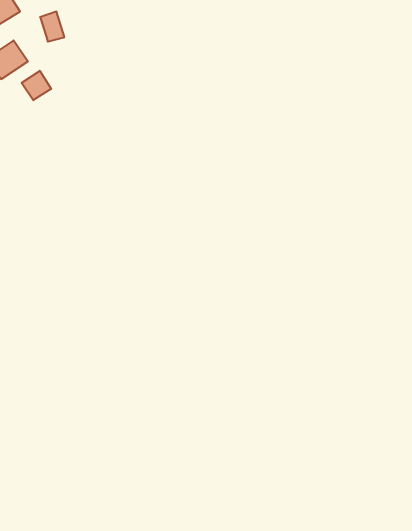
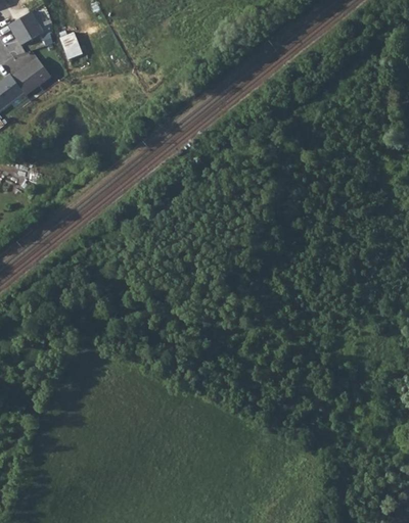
building: [22,71,51,100] -> none

